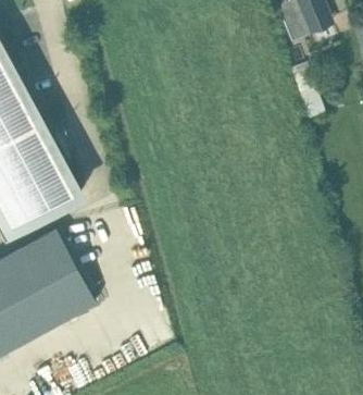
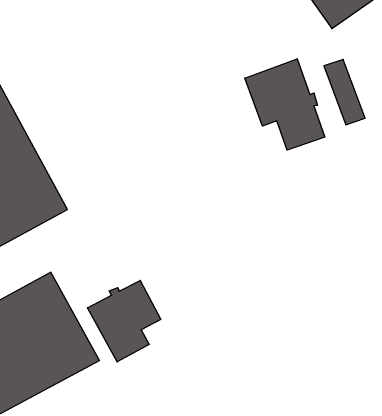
building: none -> [245,59,325,150]
building: none -> [87,280,161,362]

